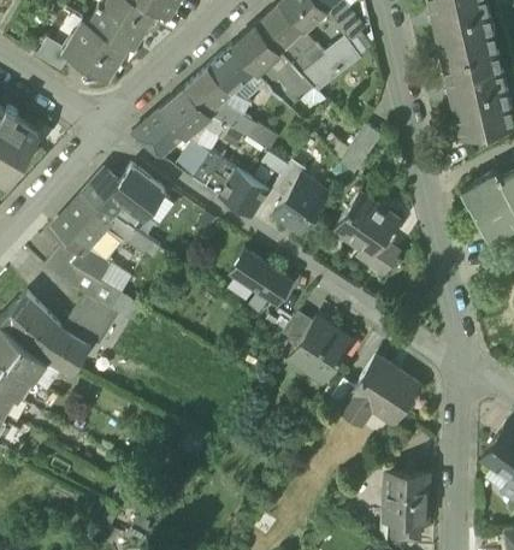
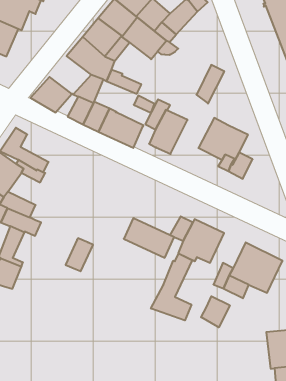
building: [159,89,212,138] -> none
building: [110,166,166,220] -> none
building: [229,249,293,304] -> [124,218,174,258]
building: [79,302,118,344] -> [66,238,93,271]
building: none -> [151,253,192,320]
building: none -> [201,296,230,327]

